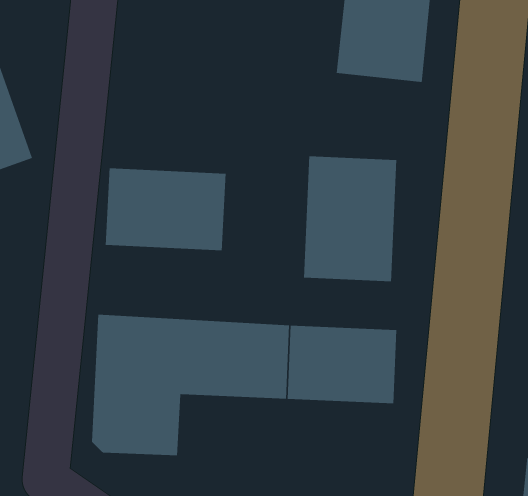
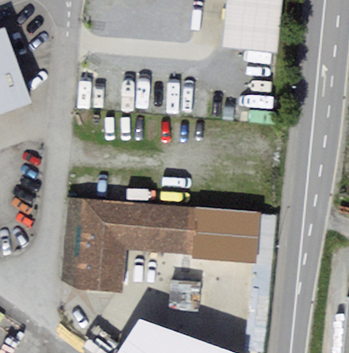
building: [303,155,397,282] -> none
building: [105,167,226,251] -> none

